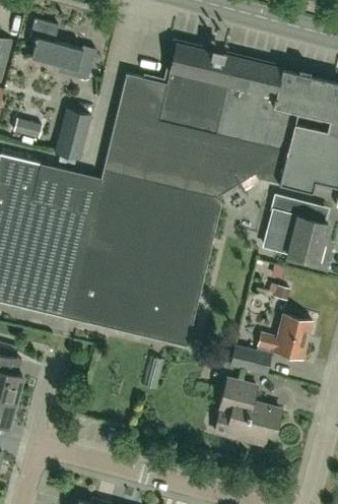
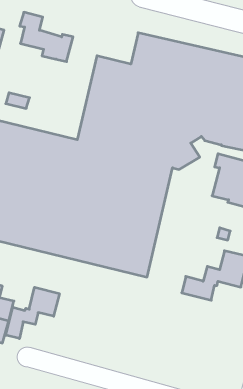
building: [54,109,90,161] -> none
building: none -> [6,287,59,339]
building: [214,380,281,444] -> none

